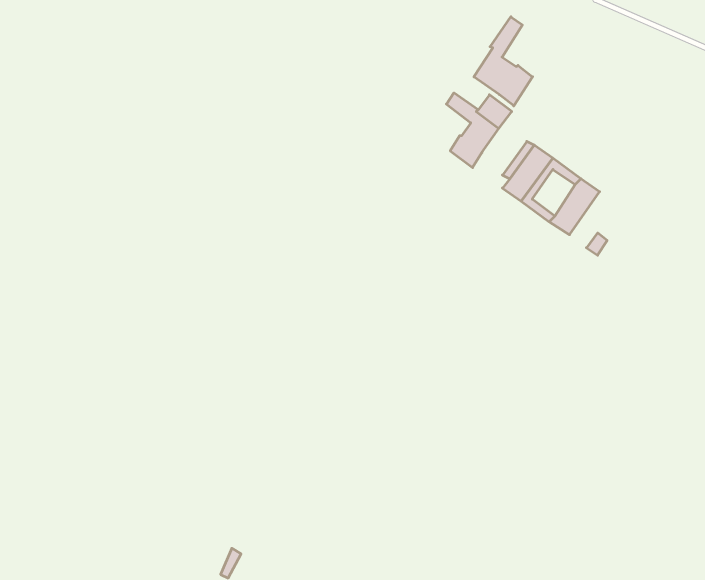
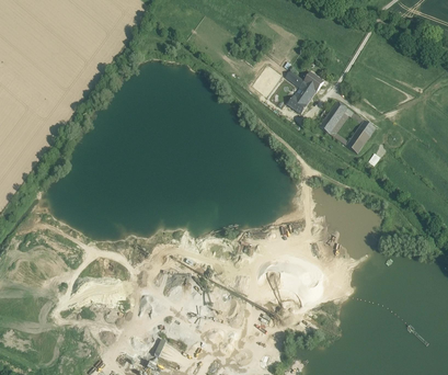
building: [474,17,533,106] -> none

